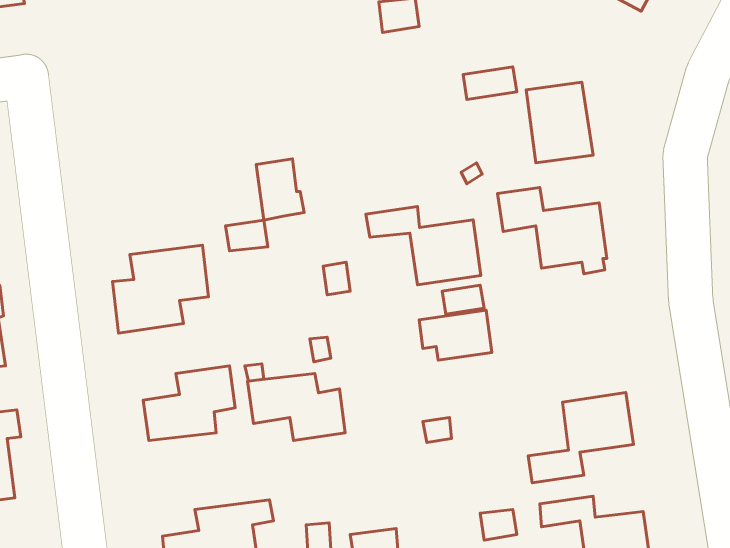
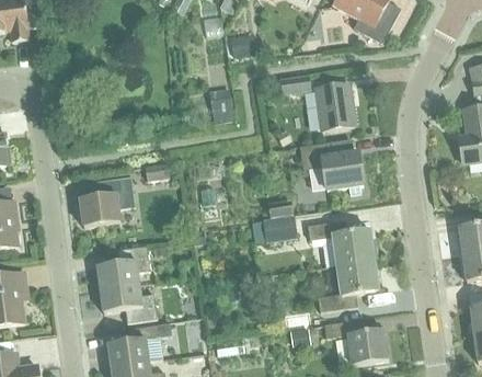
building: [256,159,304,220] -> [209,88,237,123]
building: [366,206,481,285] -> [308,221,374,266]
building: [248,374,345,441] -> [101,284,157,322]

